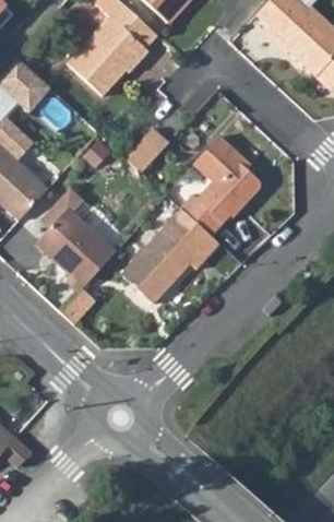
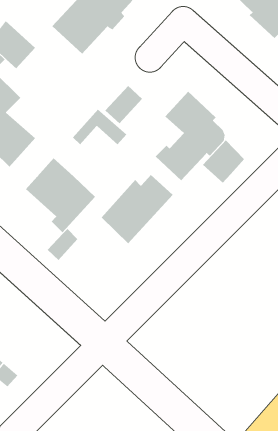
building: none -> [202,139,245,184]
building: [43,189,104,229] -> [72,109,127,145]

